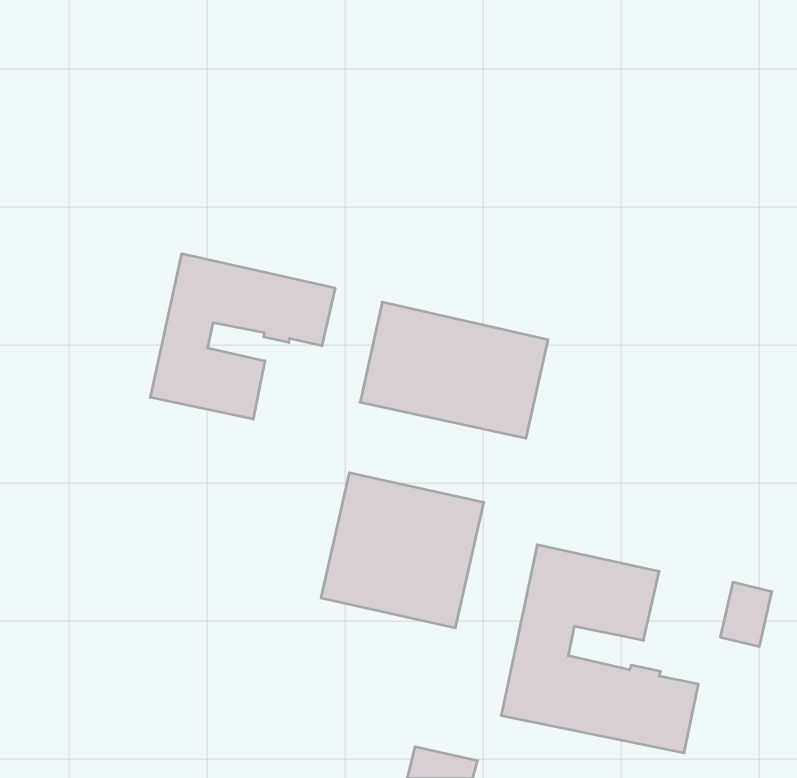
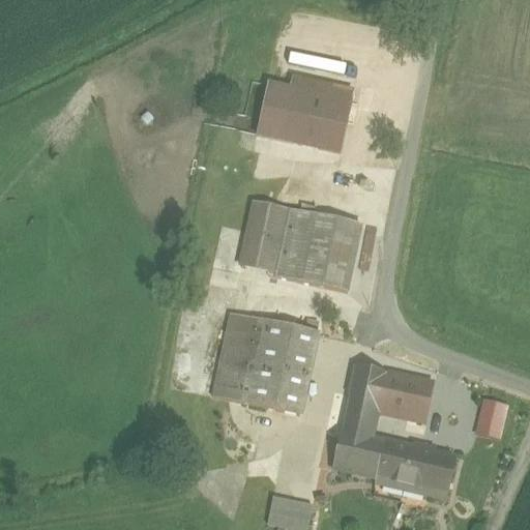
building: none -> [257,71,353,154]
building: [150,254,335,419] -> none

